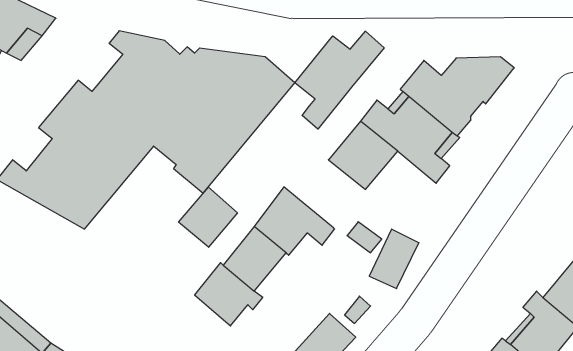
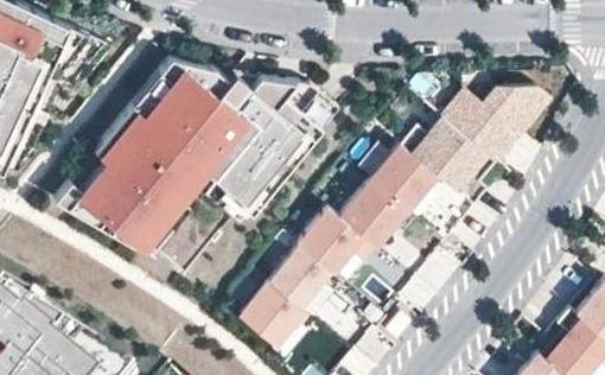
building: [295,31,384,129] -> none
building: none -> [339,184,405,249]
building: [179,187,237,247] -> none

